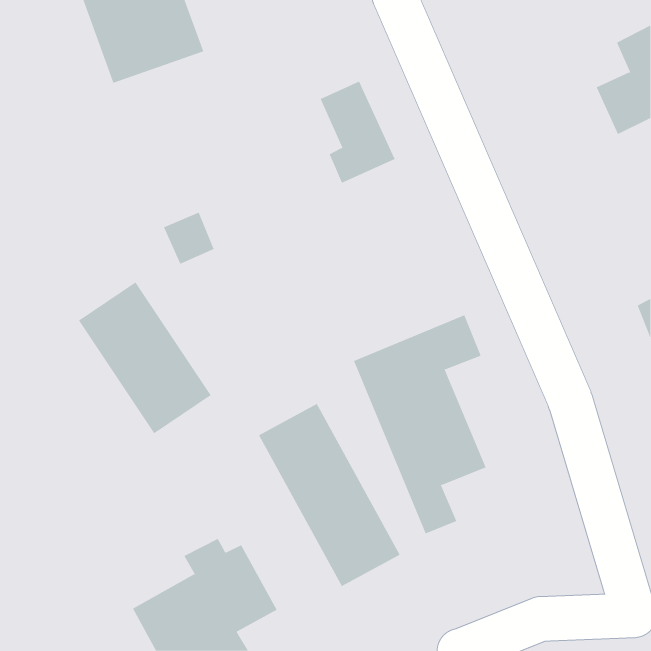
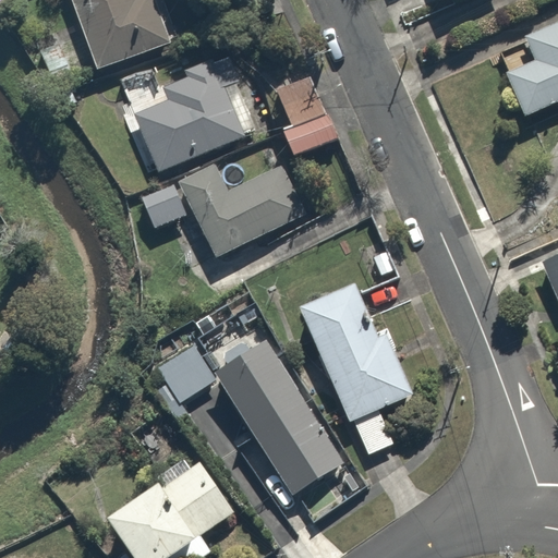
building: none -> [136,49,243,169]
building: none -> [179,149,304,257]
building: [78,281,212,434] -> none
building: none -> [155,342,215,402]

